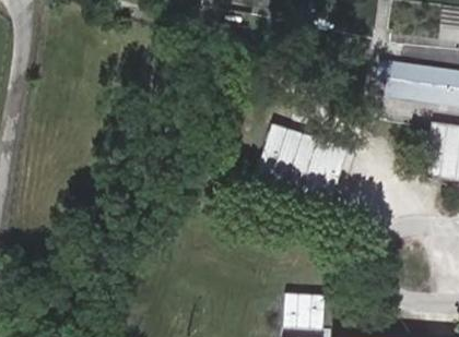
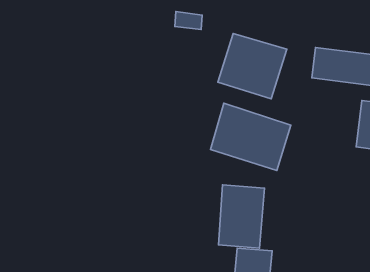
building: none -> [218,34,287,99]
building: none -> [219,185,264,248]

